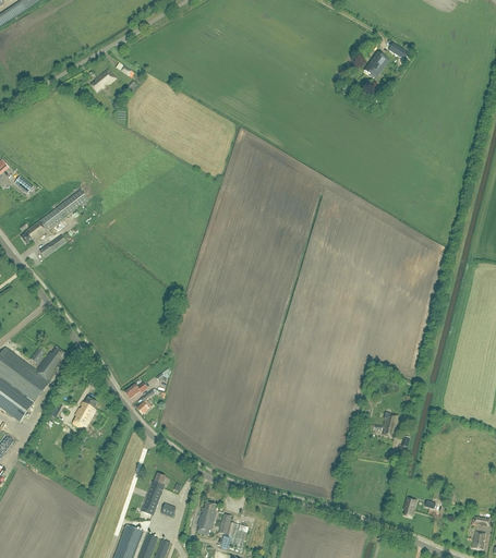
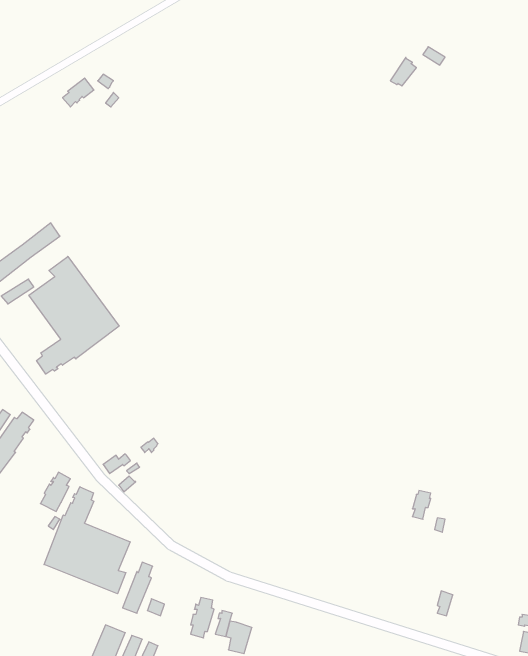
building: none -> [29,256,119,374]
building: none -> [44,487,130,594]

